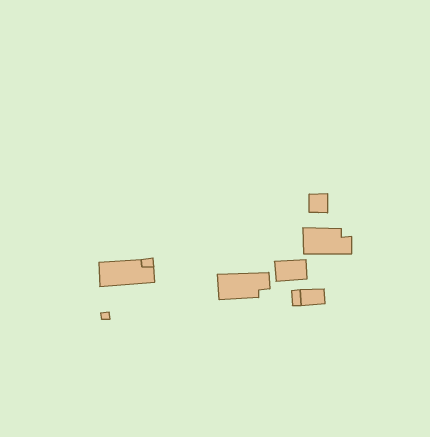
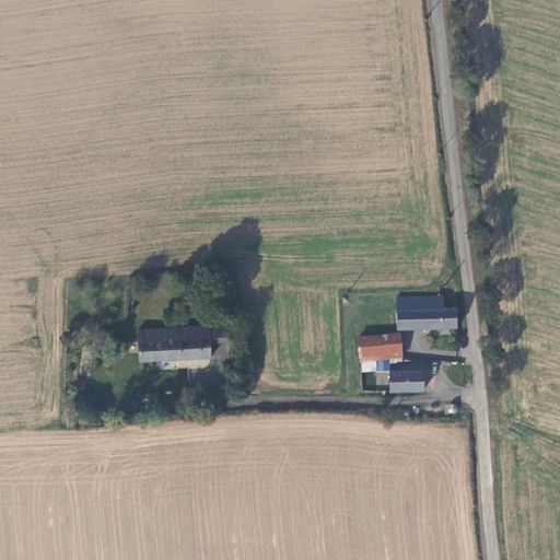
building: [309,194,327,213] -> none
building: [217,272,270,300] -> none

